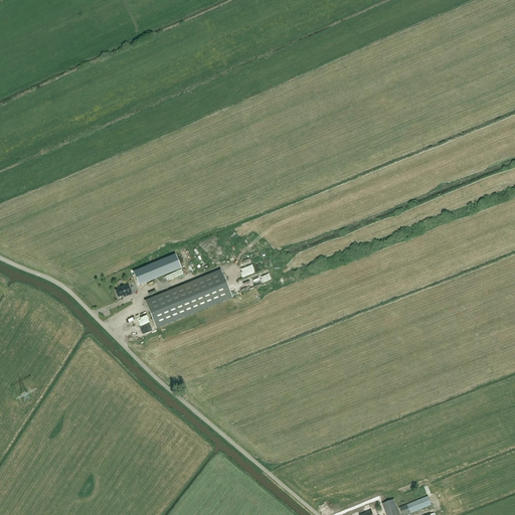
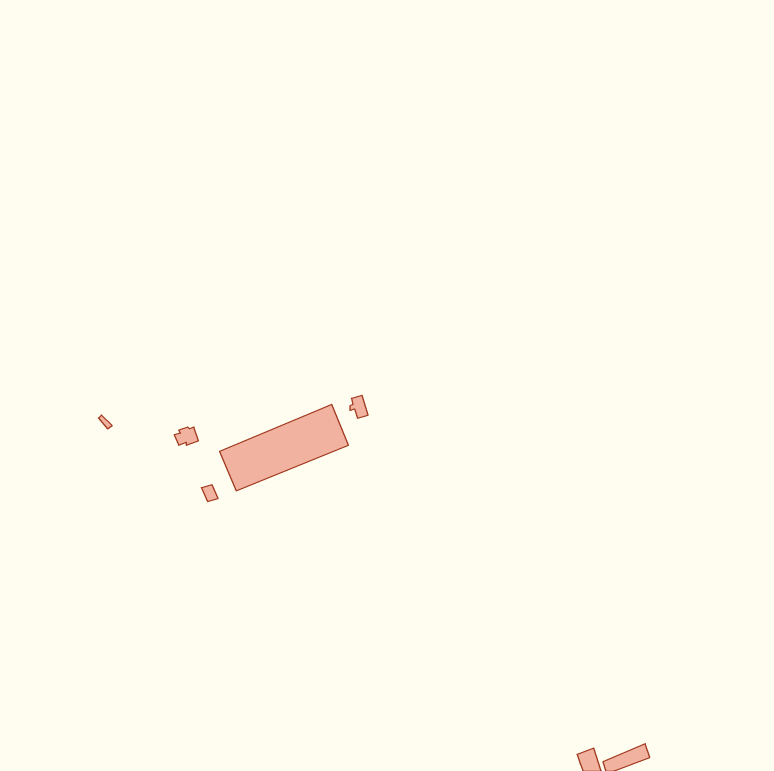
building: [134,252,181,284] -> none

